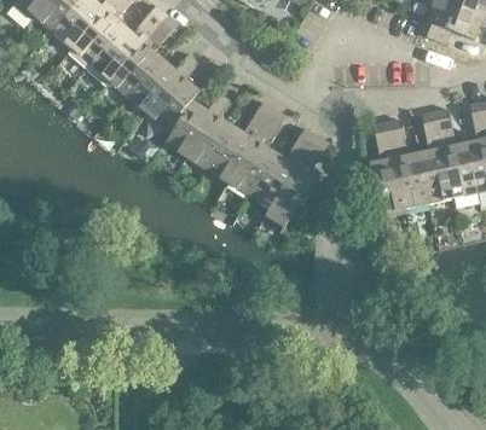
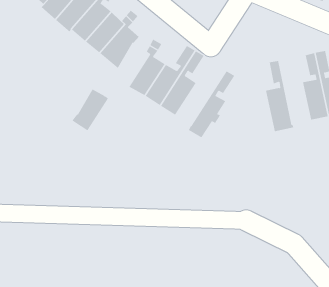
building: [164,99,214,157] -> [72,88,109,131]
building: [387,118,429,208] -> none
building: [249,127,317,209] -> none

